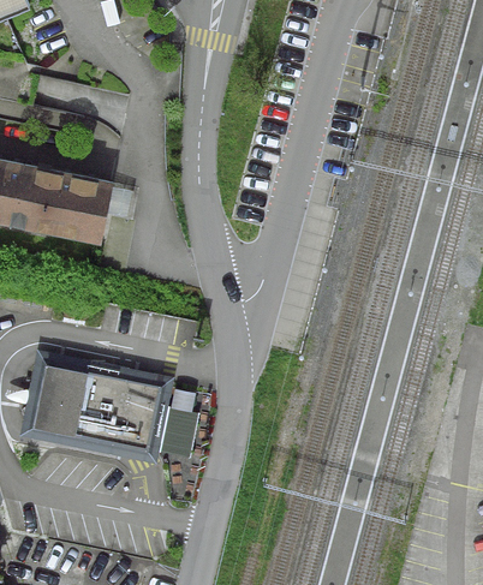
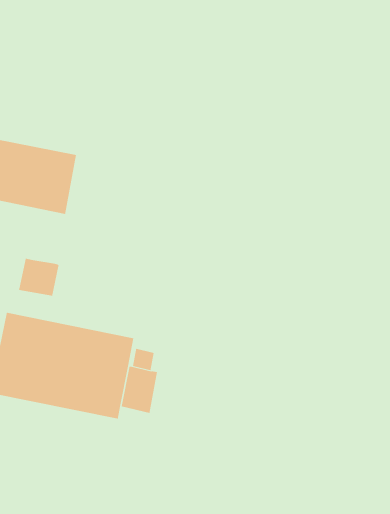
building: none -> [19,258,59,296]

